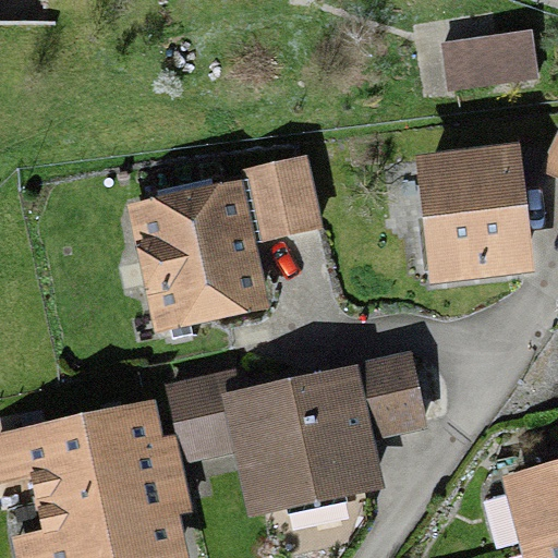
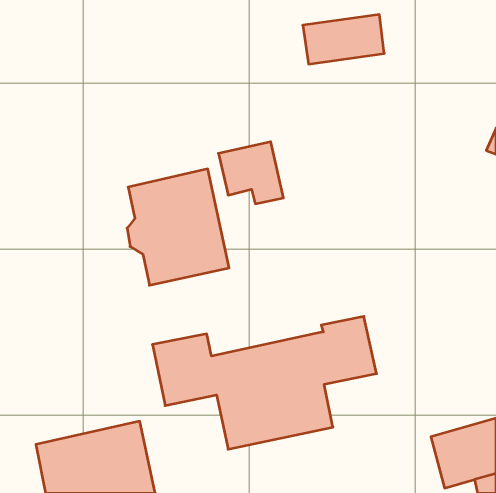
building: [445,32,536,87] -> [303,15,384,64]
building: [430,156,522,269] -> none
building: [26,409,157,499] -> none

